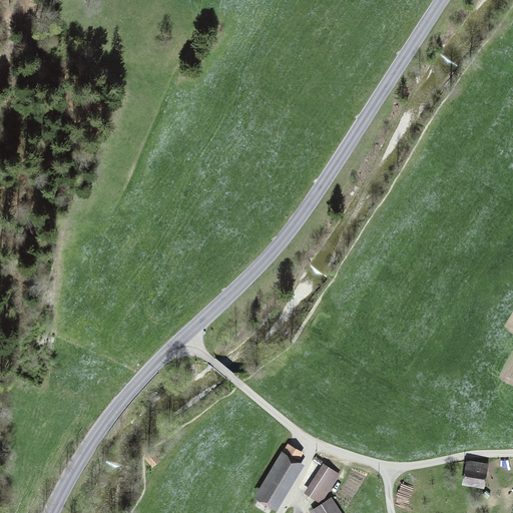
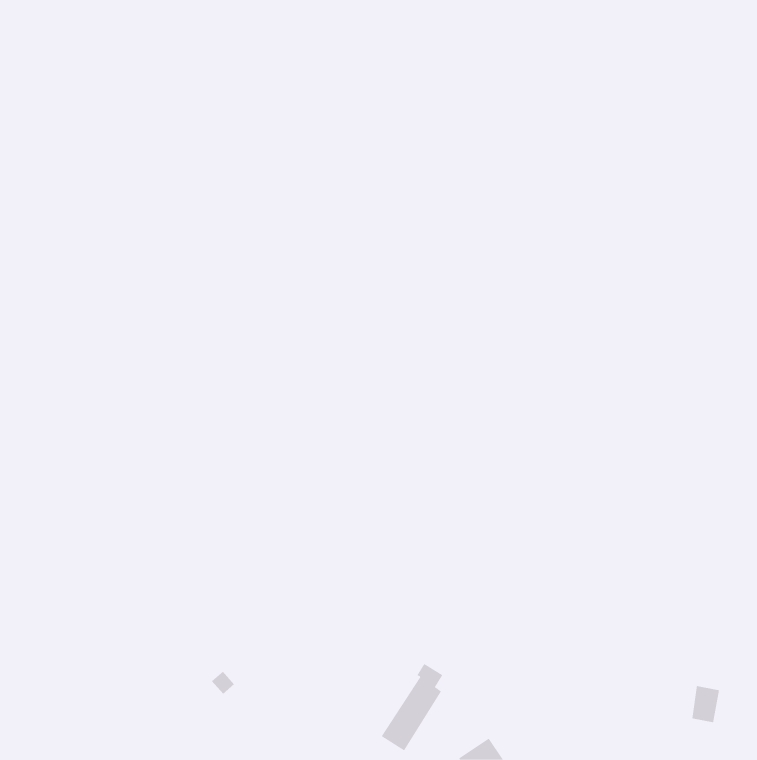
building: [307,466,336,500] -> none

